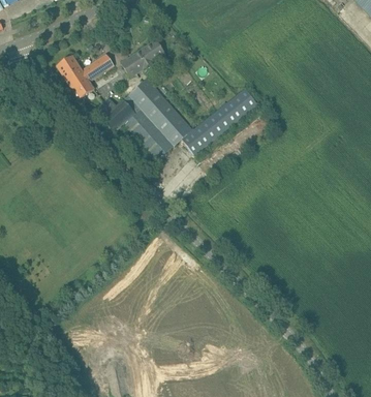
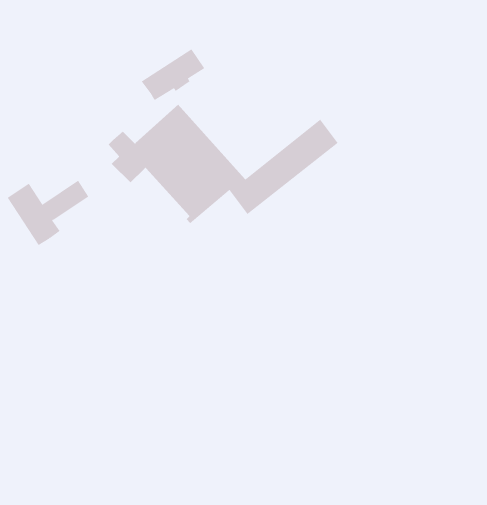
building: [56,54,113,99] -> [7,180,89,246]

